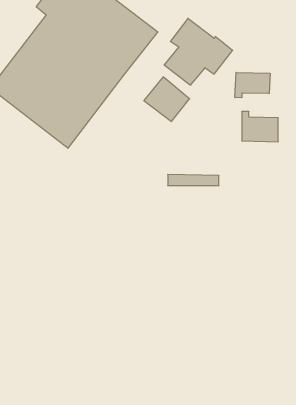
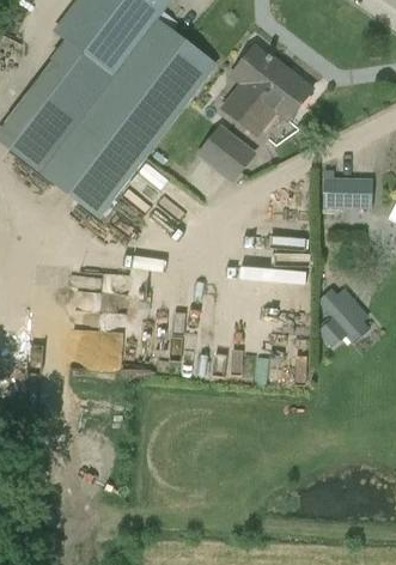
building: [235,72,270,98] -> none
building: none -> [327,296,370,342]

